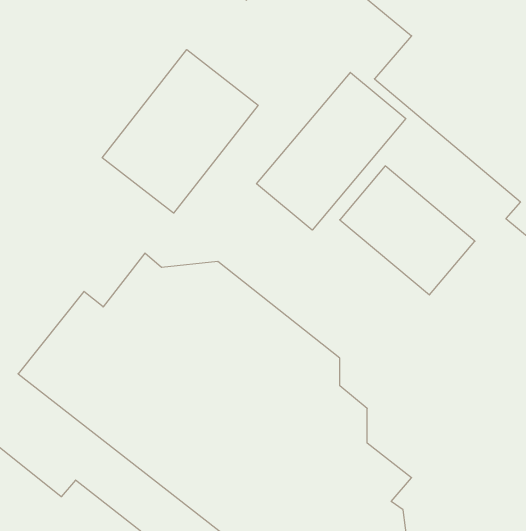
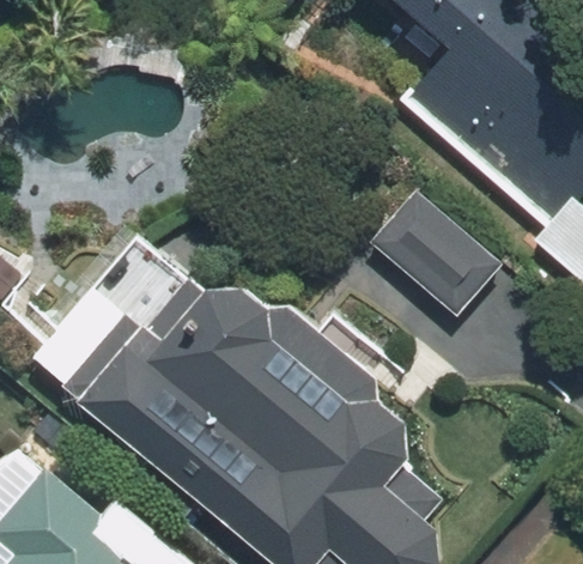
building: [102,50,258,213] -> none
building: [257,72,406,230] -> none

